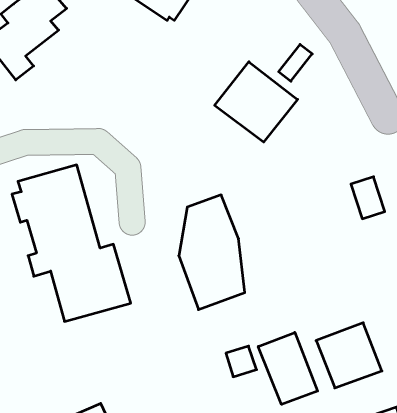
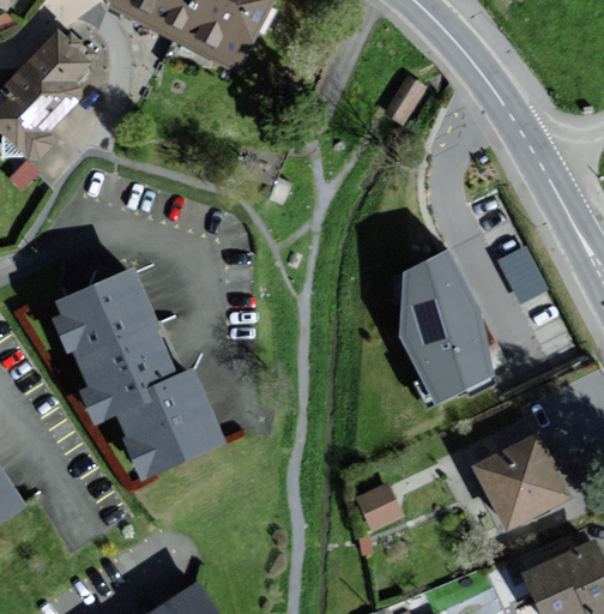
building: [215,62,298,142] -> none
building: [179,195,245,310] -> [401,247,495,403]
building: [258,332,318,404] -> none

